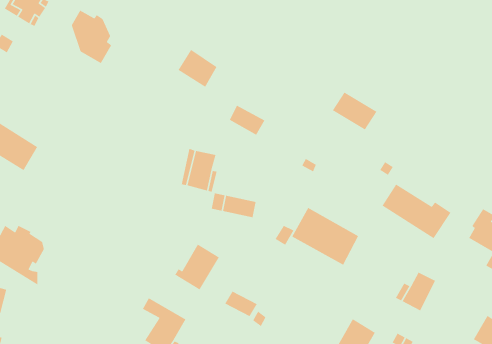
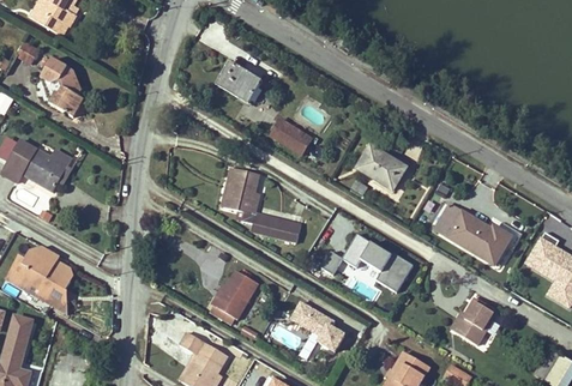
building: [71,10,112,64] -> [38,60,83,119]
building: [332,91,378,130] -> [357,146,407,188]
building: none -> [285,298,347,348]

